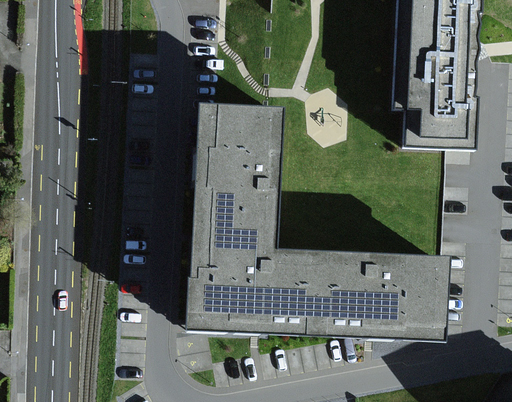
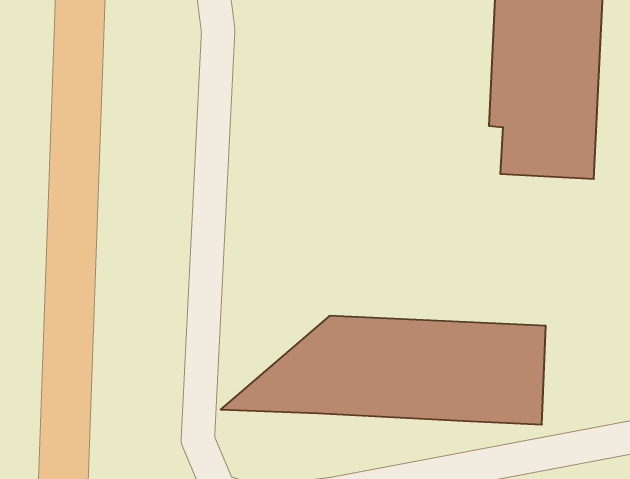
building: [186,107,279,324] -> none

